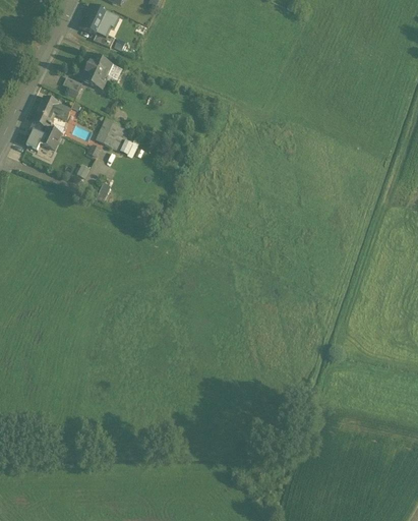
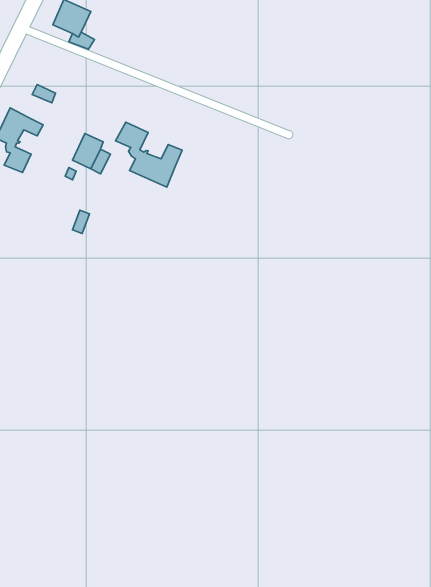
building: [81,56,112,90] -> none
building: none -> [116,122,182,187]

